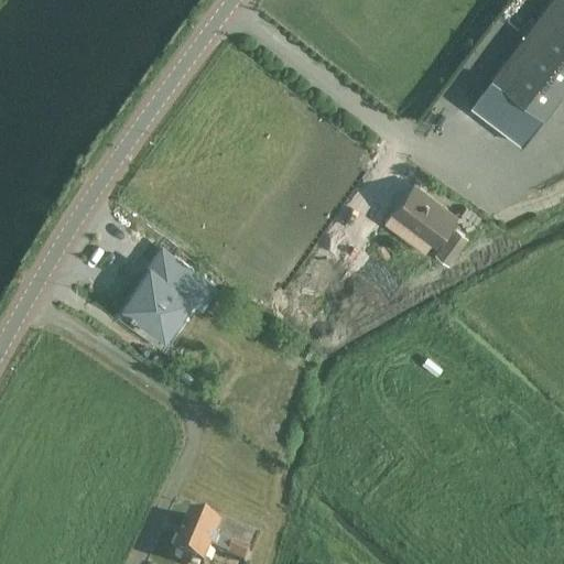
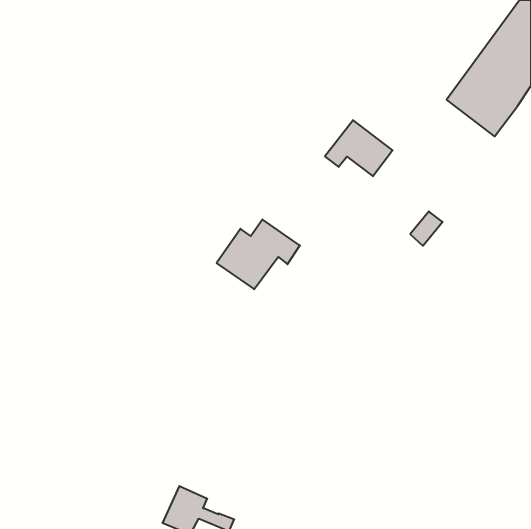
building: [383,186,455,246] -> [325,120,393,176]
building: [124,258,213,332] -> [217,219,300,289]

